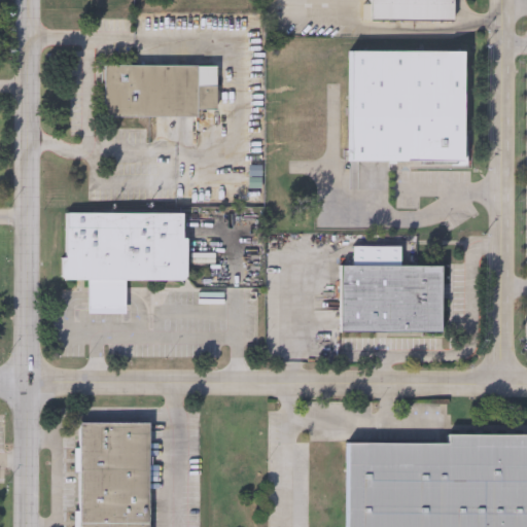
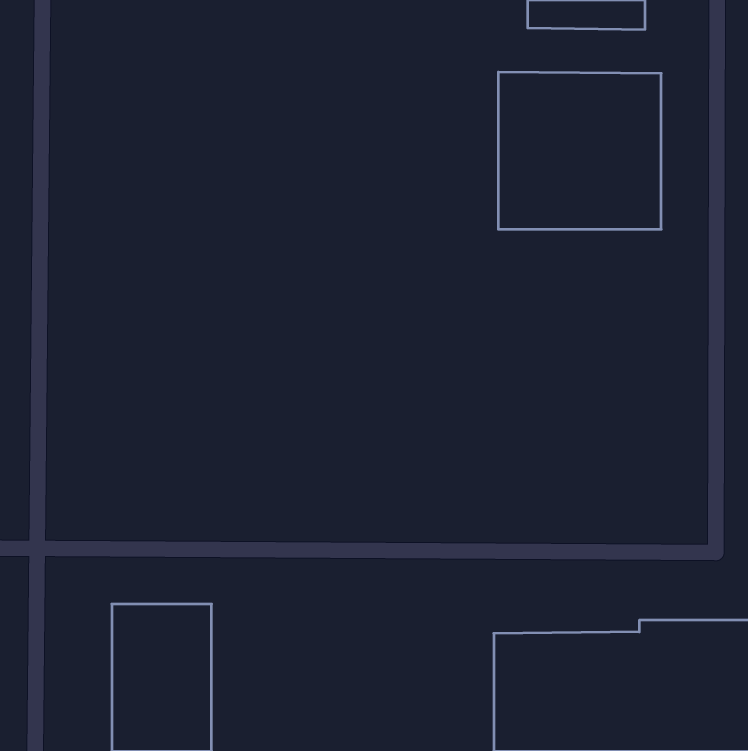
building: [104,64,218,117] -> none
building: [66,213,186,313] -> none
building: [342,246,443,331] -> none

